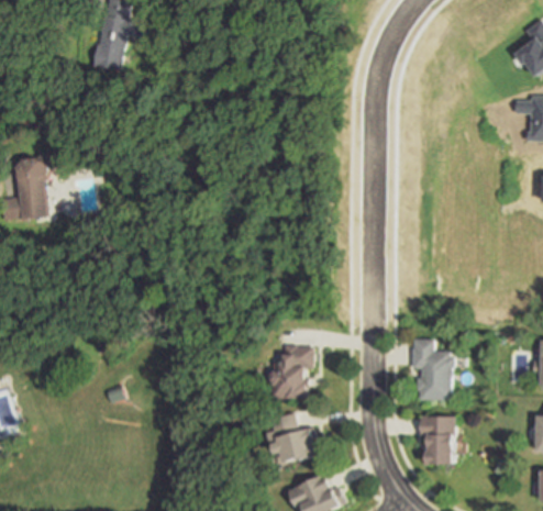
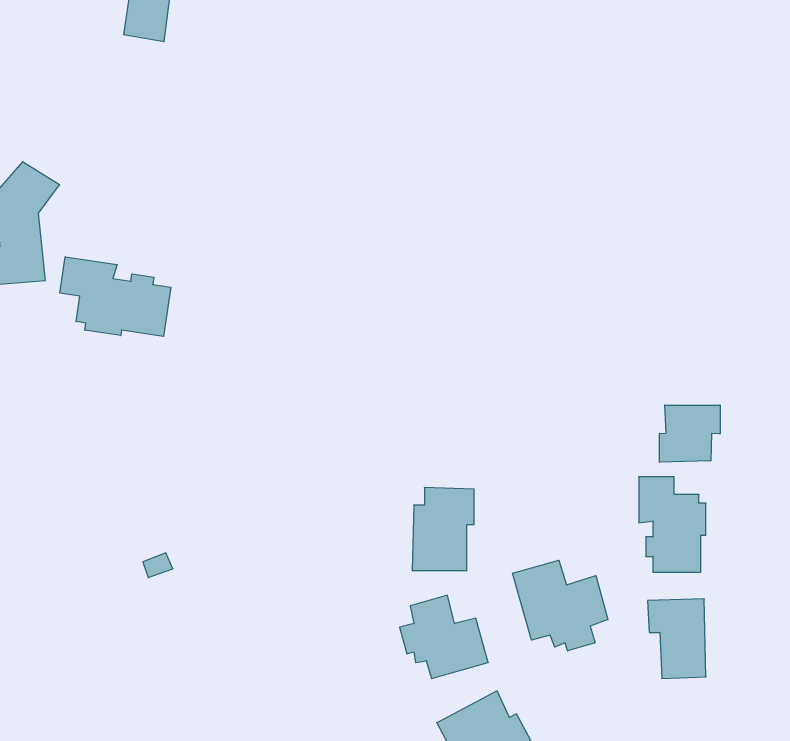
building: none -> [60,257,171,336]
building: none -> [659,405,720,462]
building: none -> [513,560,608,651]

